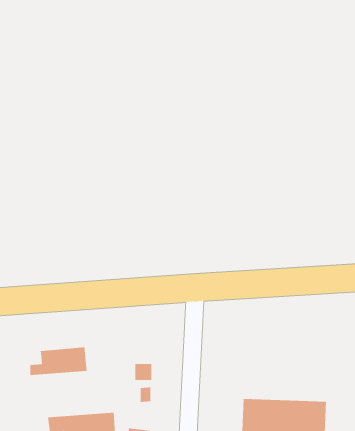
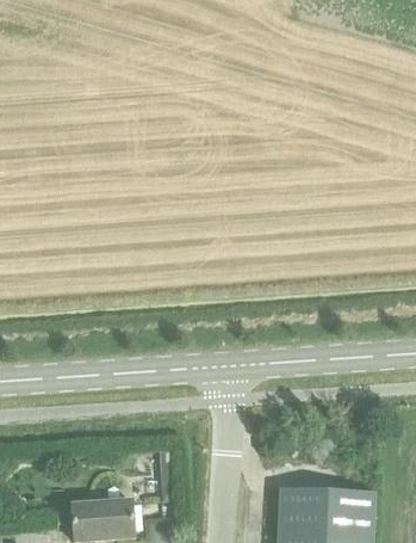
building: [30,346,87,376] -> none

